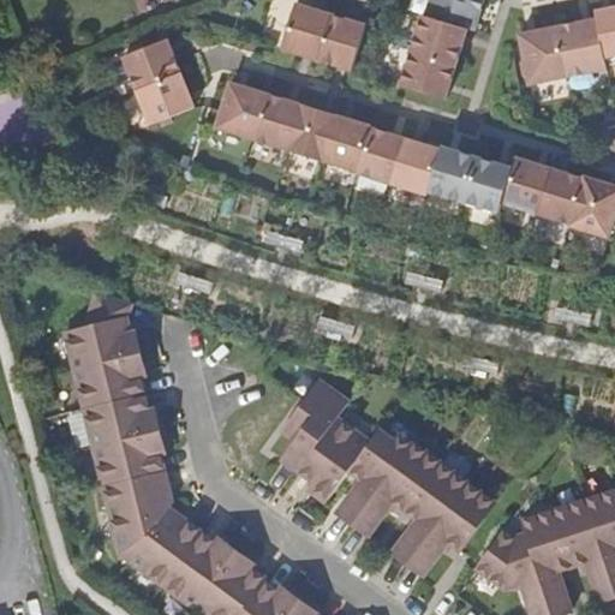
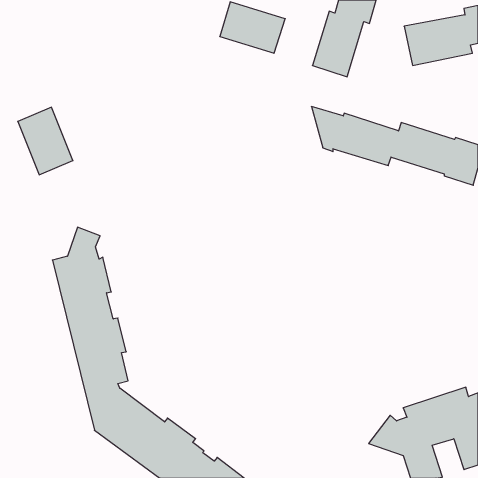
building: [124,37,195,124] -> [18,107,73,175]
building: [216,82,414,190] -> none
building: [280,381,491,577] -> none

